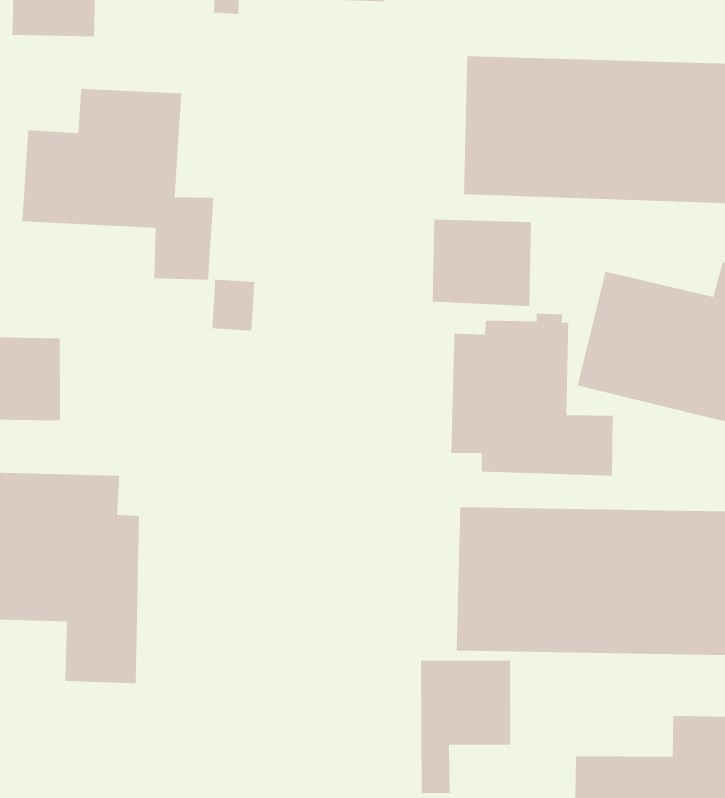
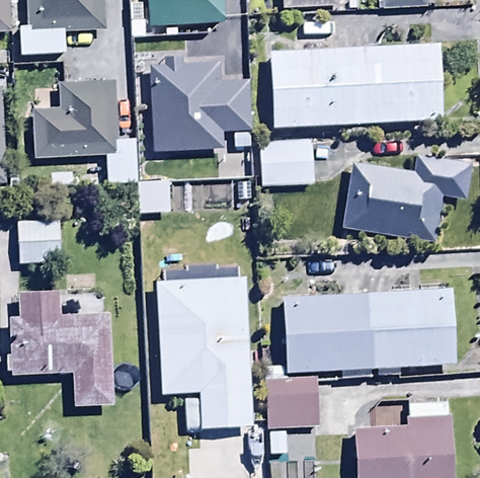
building: none -> [151,57,251,151]
building: [450,313,614,477] -> none
building: none -> [157,276,253,427]

